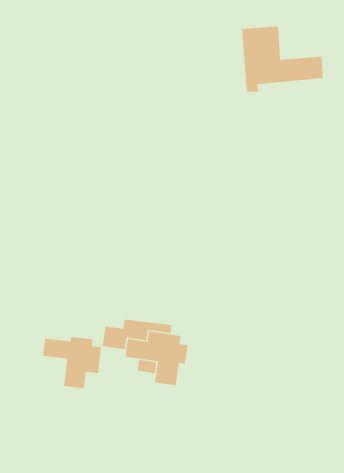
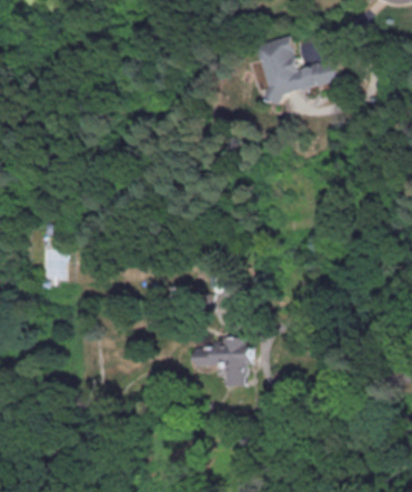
building: [42,336,102,389] -> none

